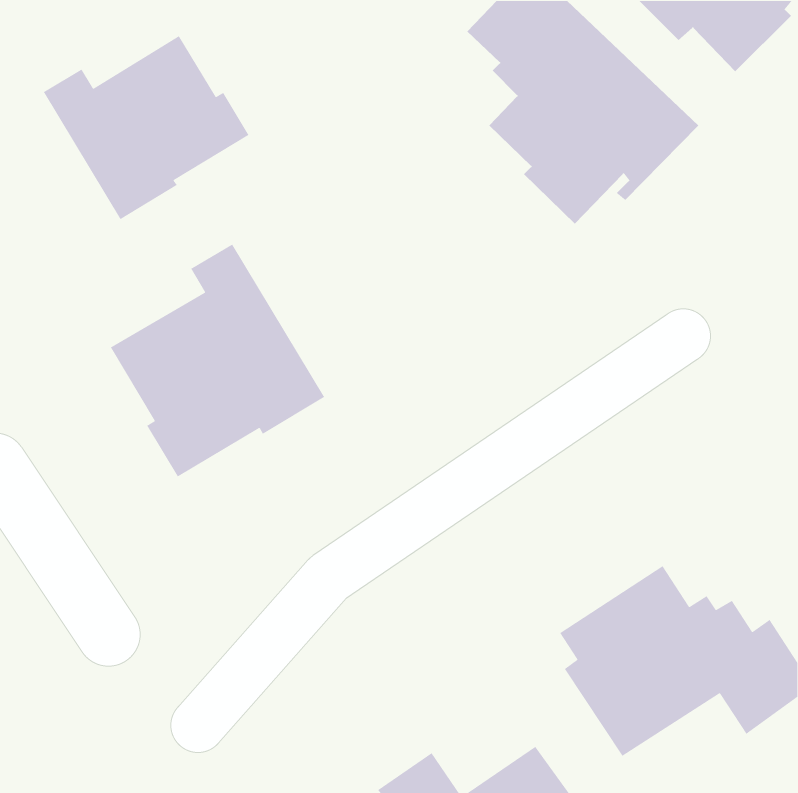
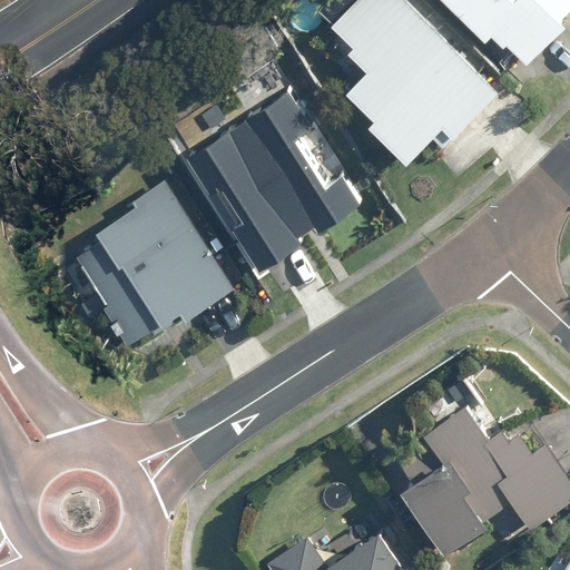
building: [43,35,249,220] -> none
building: none -> [188,91,358,263]

